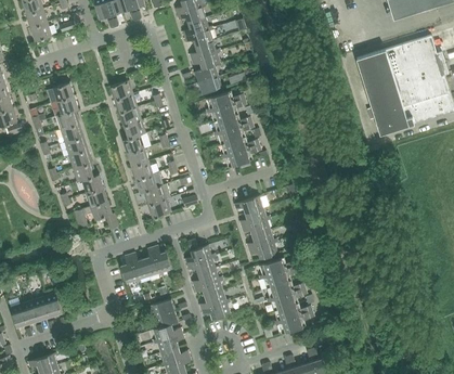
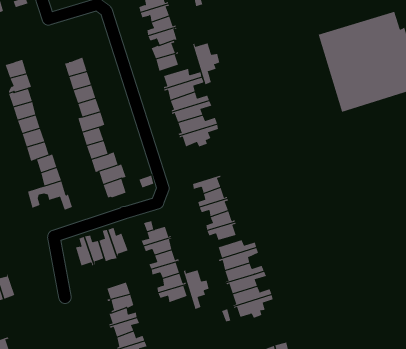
building: none -> [192,43,220,85]
building: none -> [183,270,209,310]

